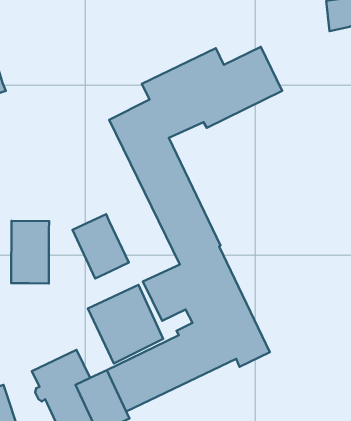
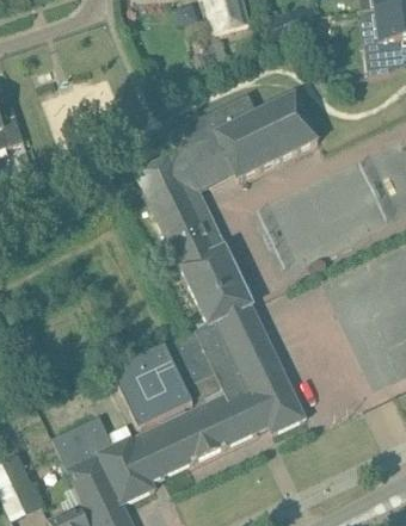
building: [72,214,129,278] -> none
building: [11,221,49,283] -> none

